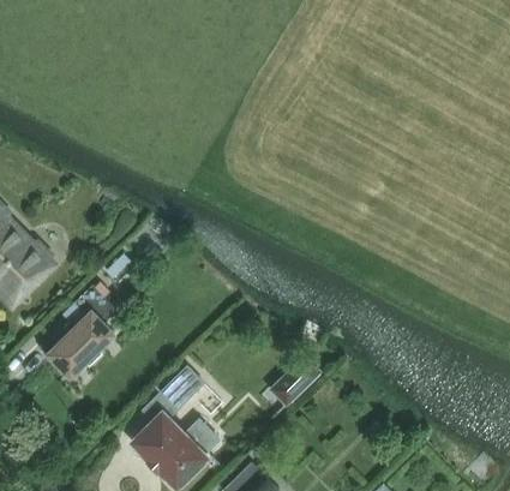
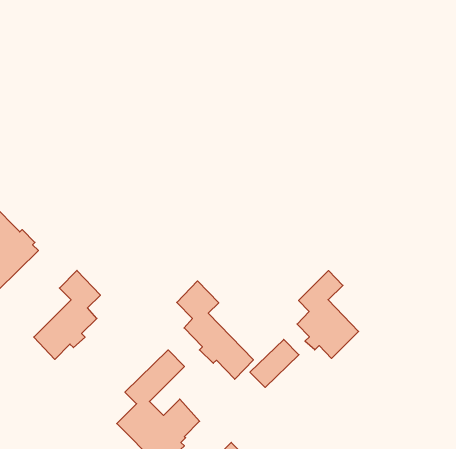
building: none -> [297,271,359,358]
building: none -> [177,281,253,379]

